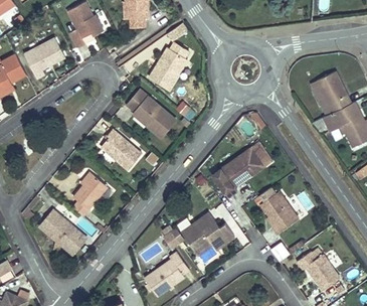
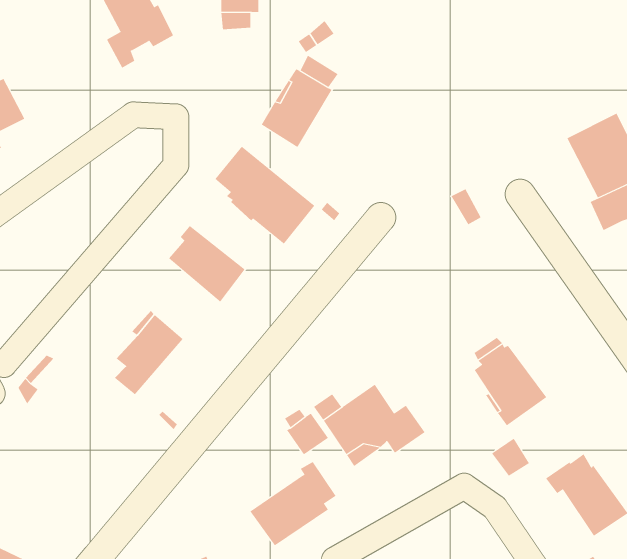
building: [24,35,66,76] -> none
building: [211,146,266,198] -> none
building: [40,210,85,255] -> none

